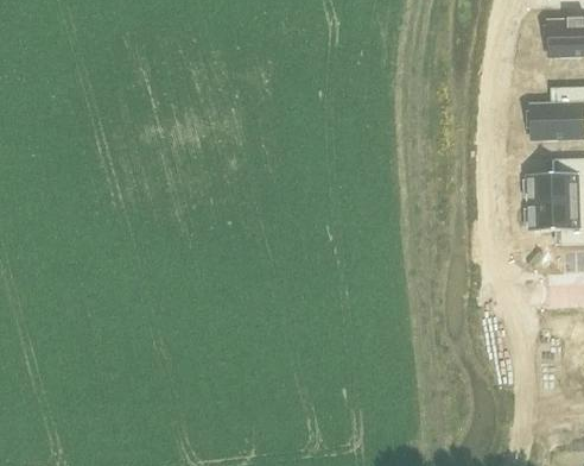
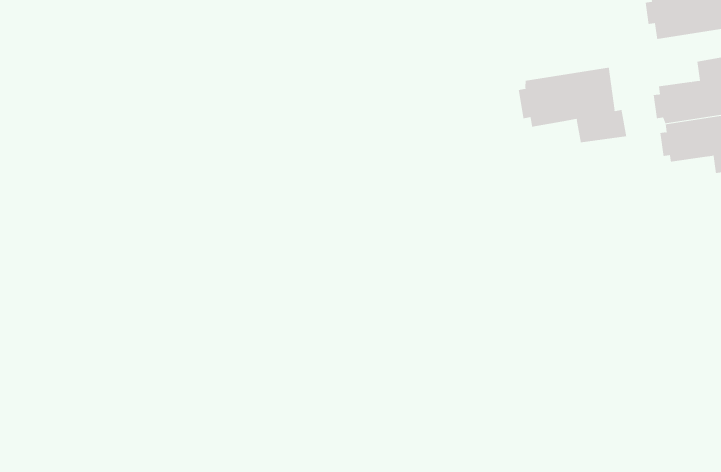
building: none -> [518,67,627,143]

